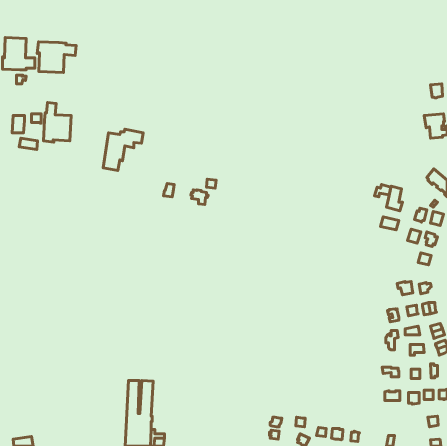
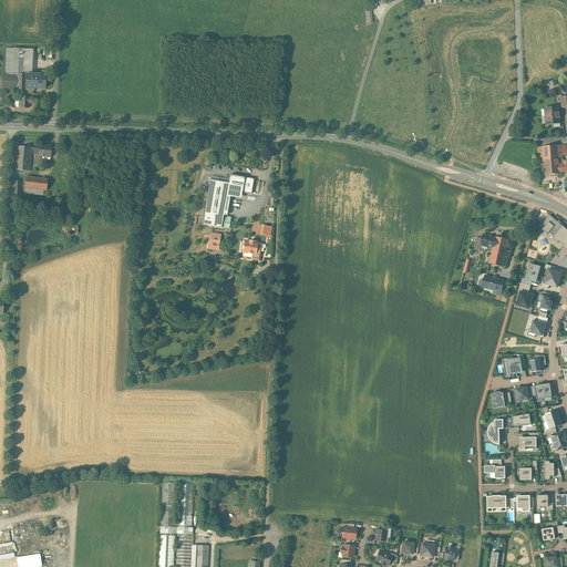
building: [37,42,76,73] -> none
building: [44,102,71,142] -> none
building: [103,129,143,170] -> [203,175,254,227]

